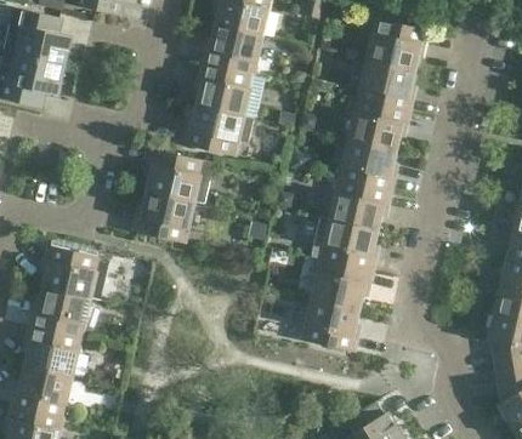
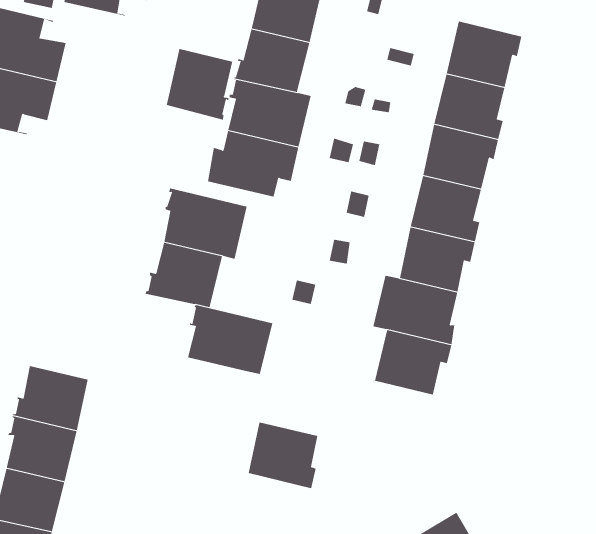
building: none -> [166,48,233,120]
building: [44,246,110,301] -> [187,305,273,375]
building: [303,300,358,352] -> [248,422,318,489]

